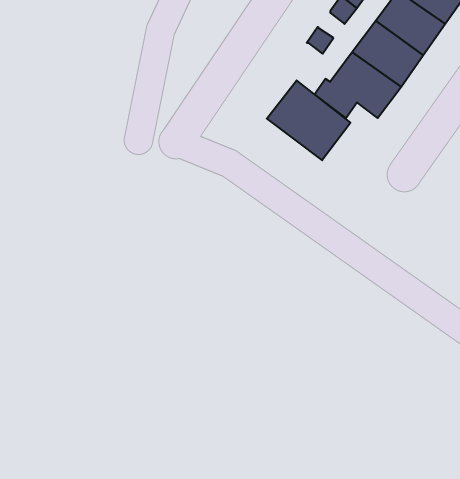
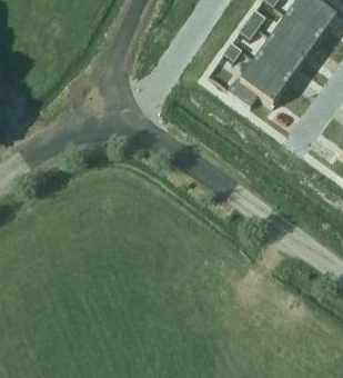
building: [267,80,350,160] -> none

